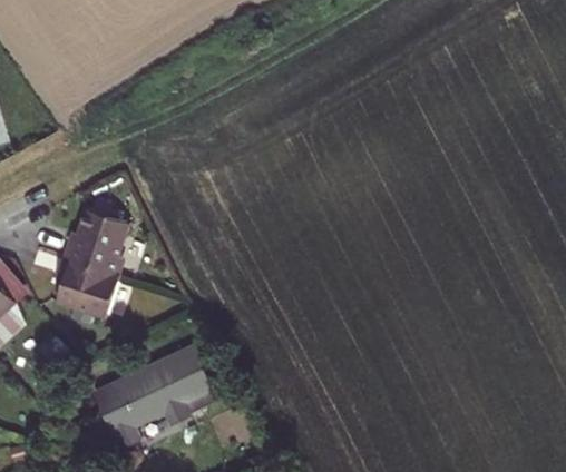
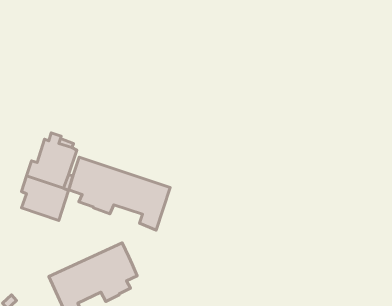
building: none -> [69,157,170,230]

